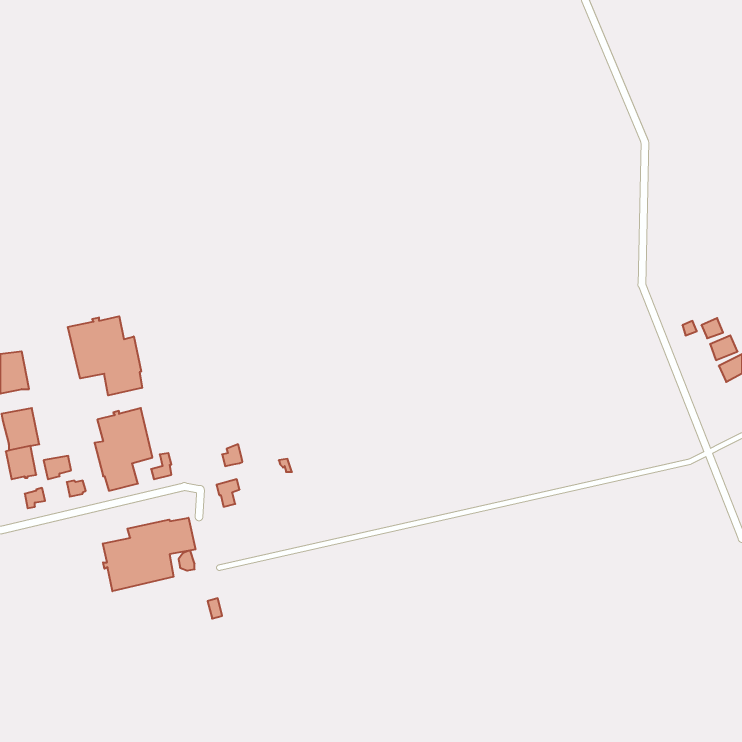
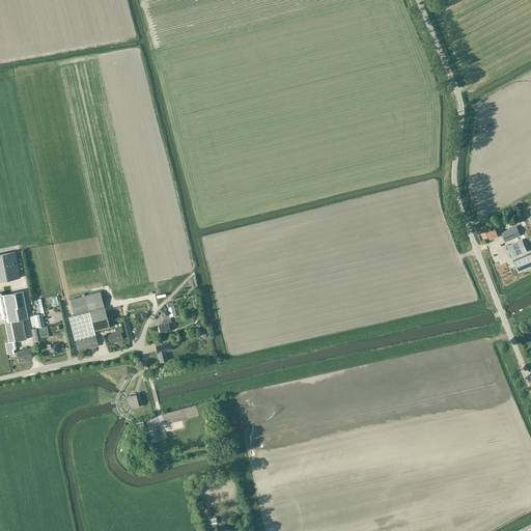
building: [68,316,142,395] -> none
building: [103,518,195,591] -> none

